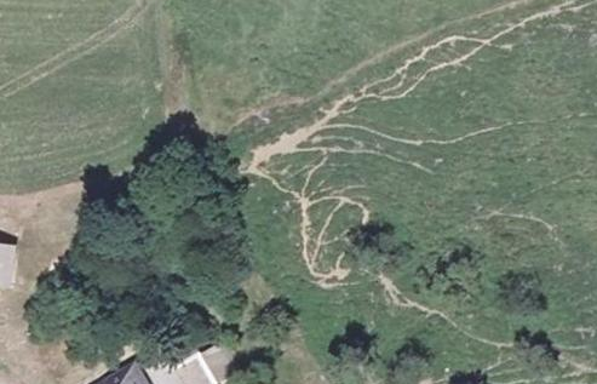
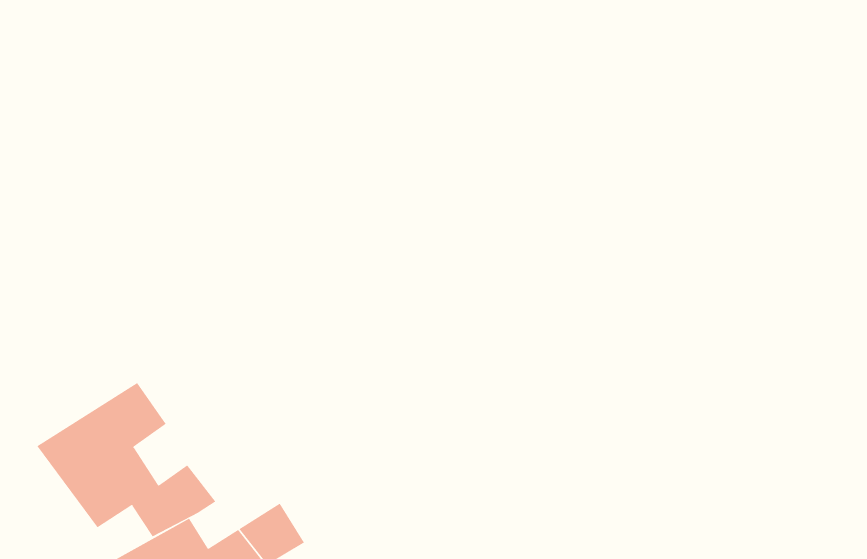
building: none -> [36,382,216,537]

